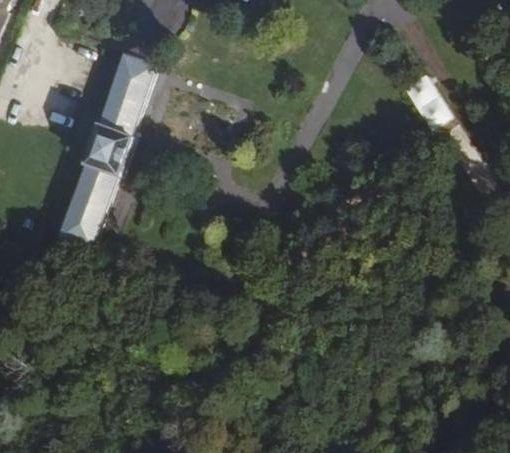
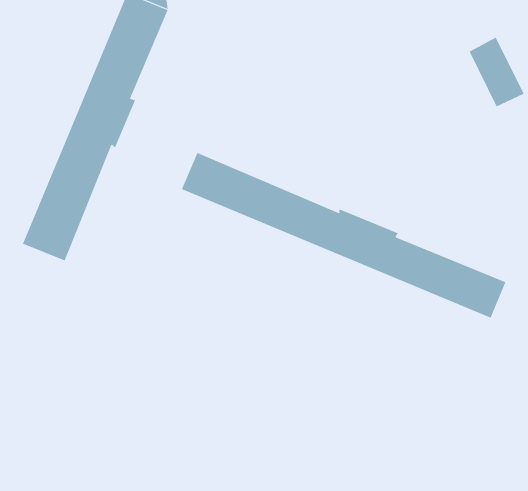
building: none -> [181,152,506,318]

